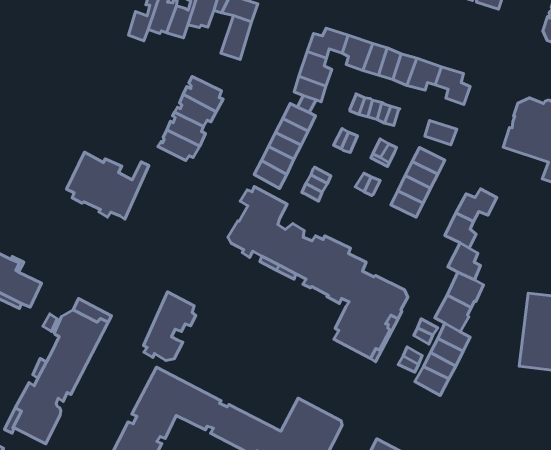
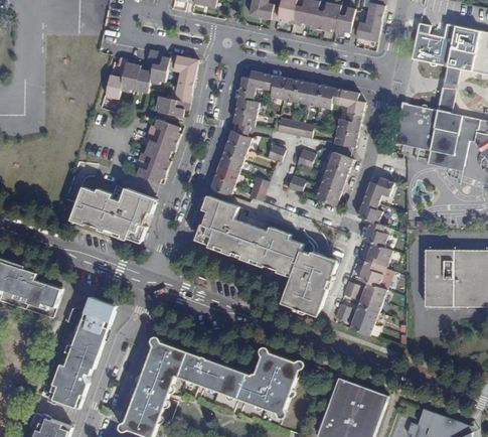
building: none -> [157,98,189,116]
building: none -> [336,113,360,135]
building: [143,292,196,360] -> [118,190,154,242]

